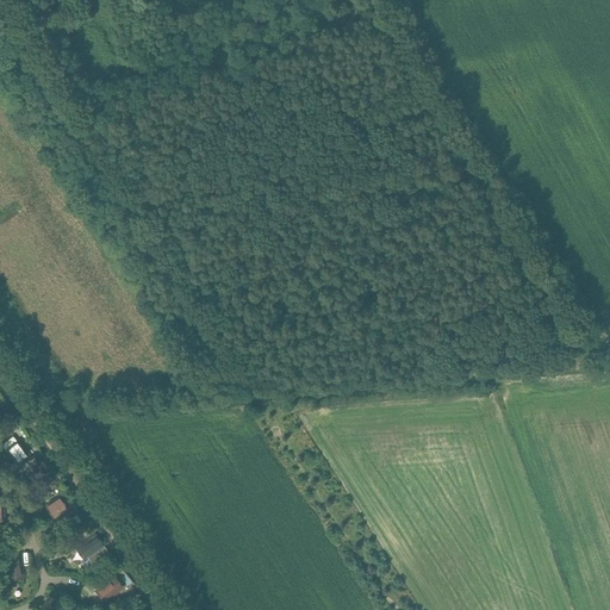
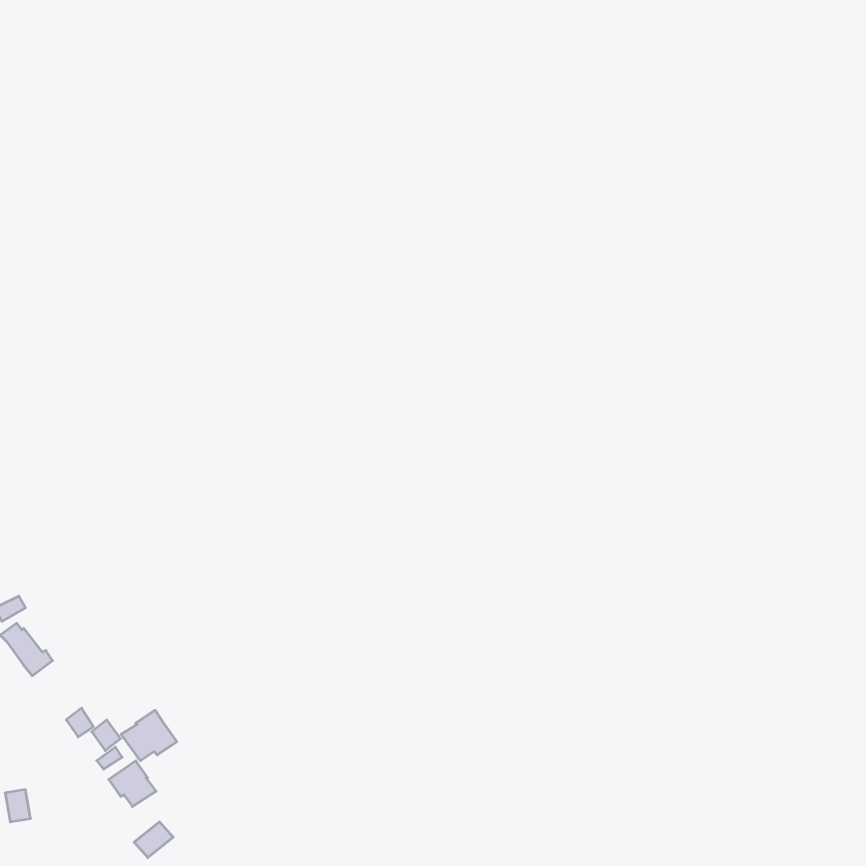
building: none -> [121,710,177,761]

